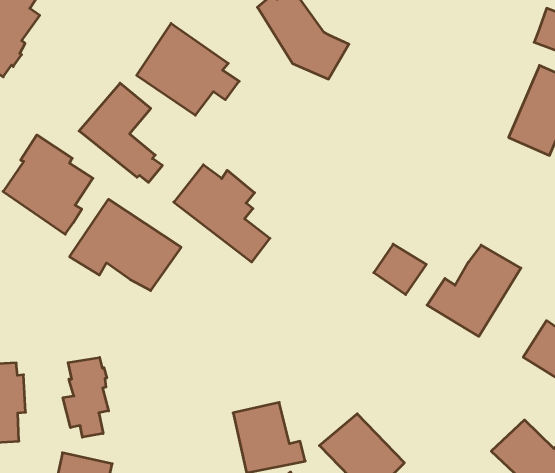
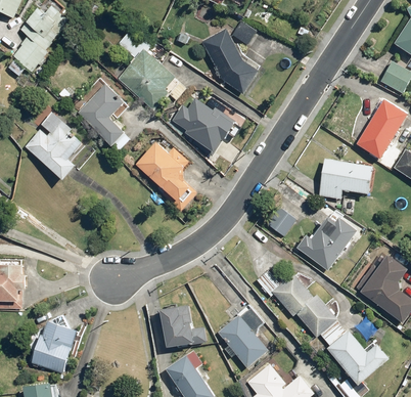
building: none -> [170,98,236,157]
building: none -> [319,159,373,200]
building: [70,199,181,291] -> none
building: none -> [269,272,338,339]
building: [63,357,109,437] -> none

